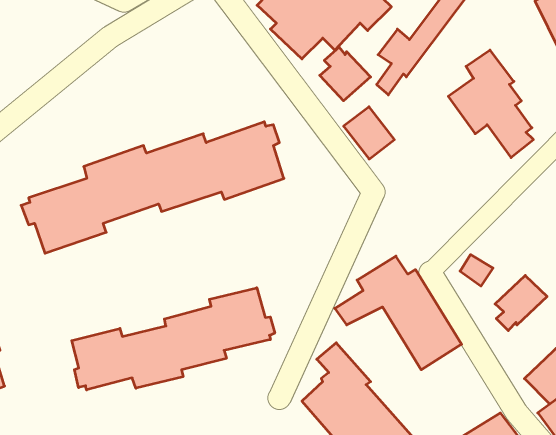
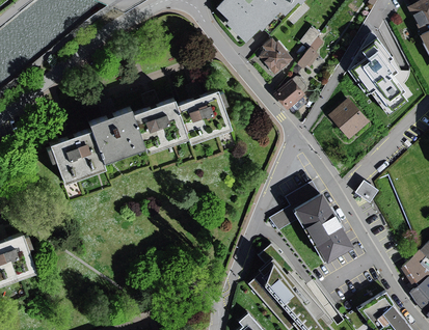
building: none -> [328,99,368,138]
building: [495,275,547,331] -> none
building: [72,288,275,390] -> none

